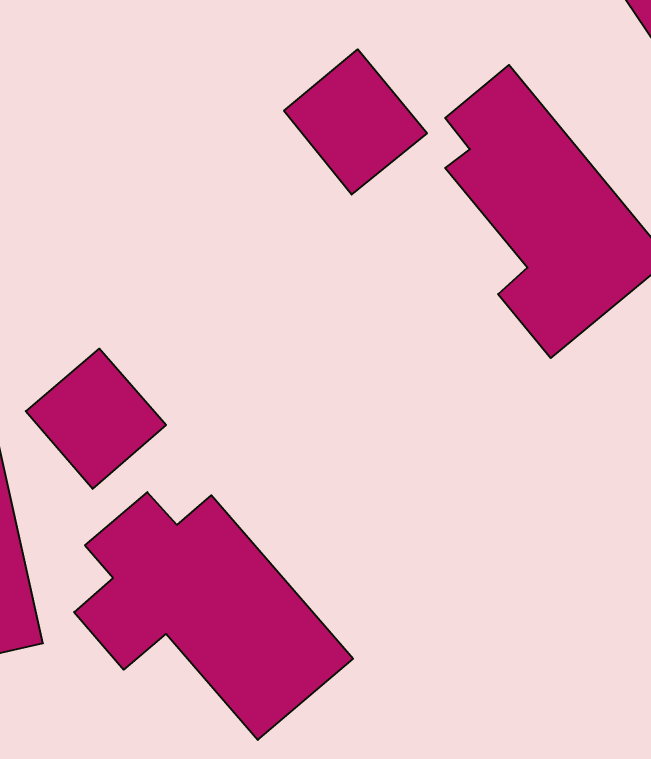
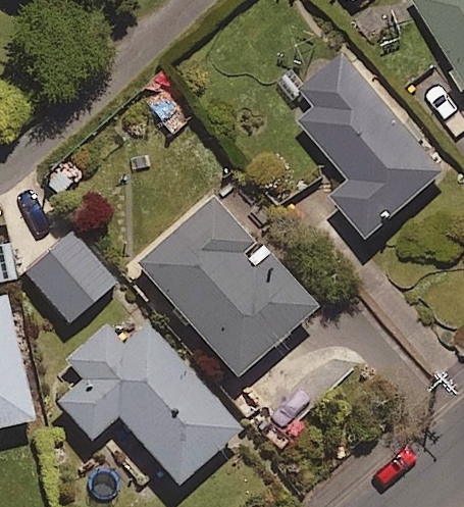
building: [284,49,427,195] -> none
building: none -> [137,194,318,379]

